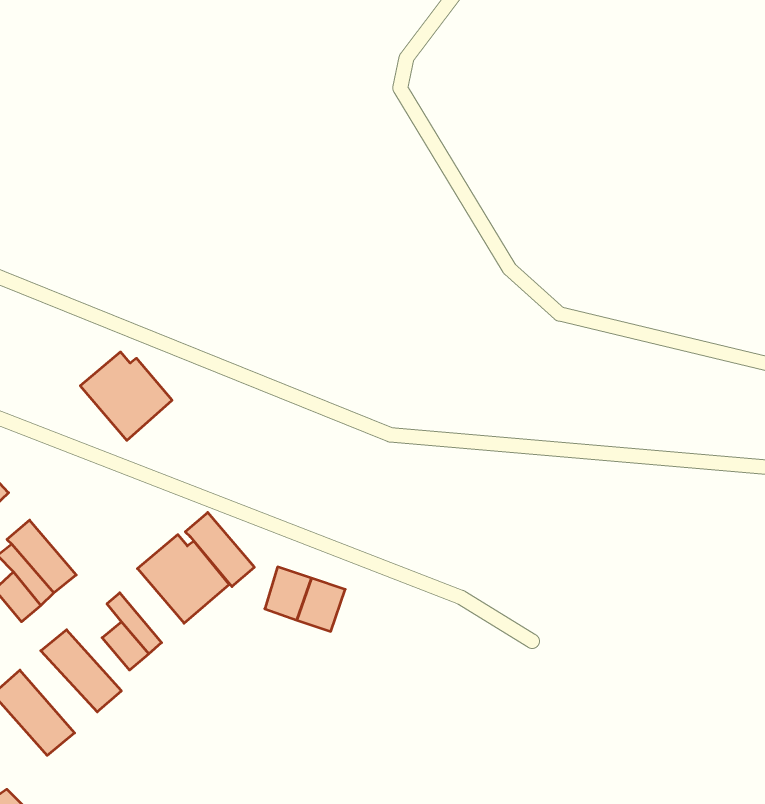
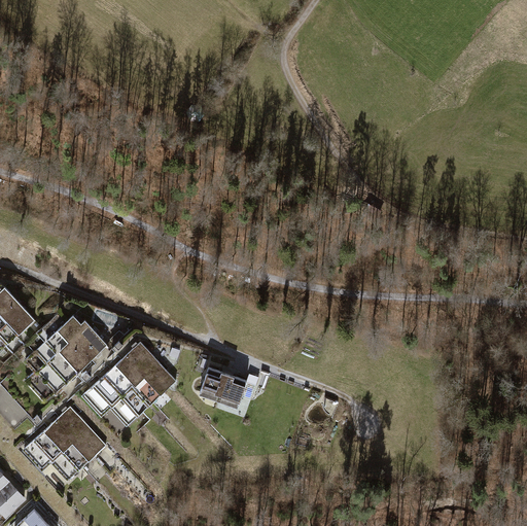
building: [80,352,172,440] -> [47,315,106,372]
building: [185,512,254,587] -> [102,367,146,415]
building: none -> [41,420,91,472]

